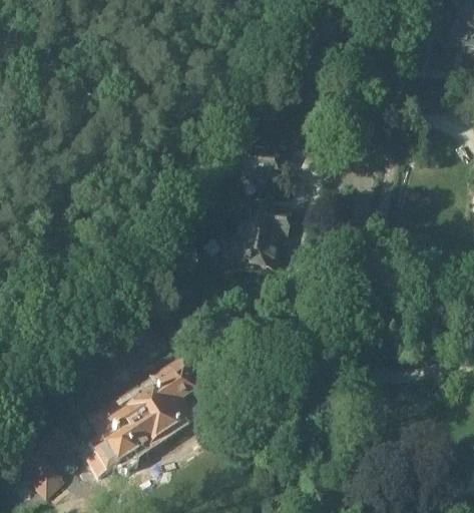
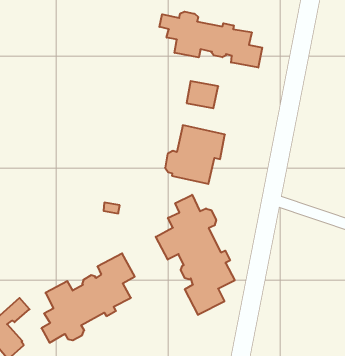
building: none -> [159,12,262,68]
building: none -> [156,195,235,315]

